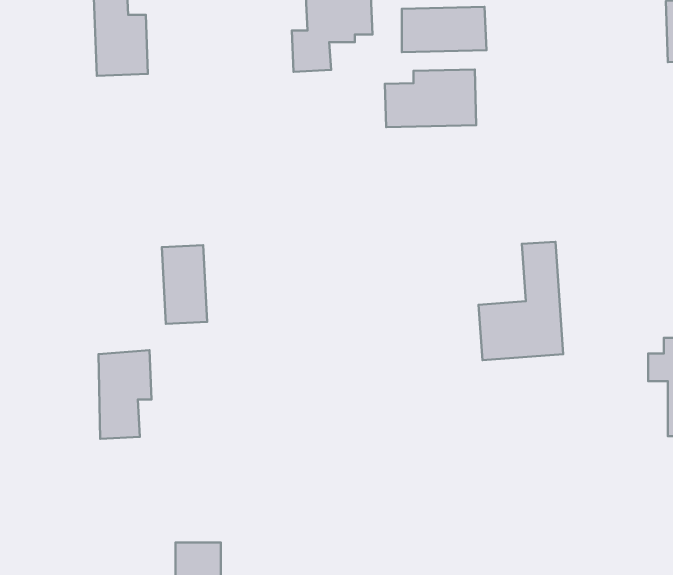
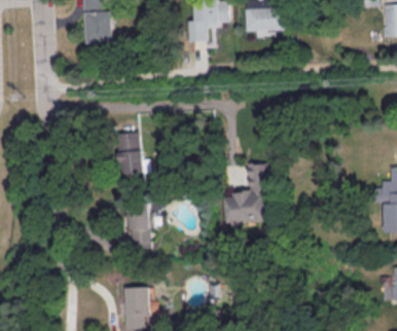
building: [385,69,476,127] -> none
building: [479,242,563,360] -> [226,162,270,224]
building: [98,350,151,439] -> [130,205,157,251]

